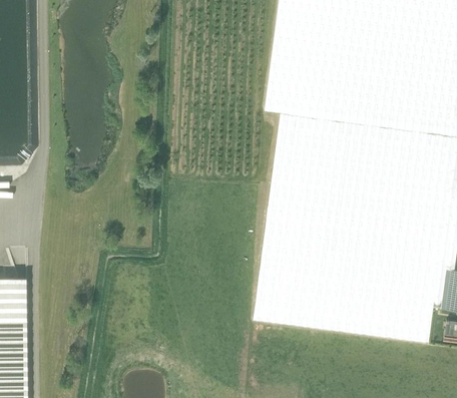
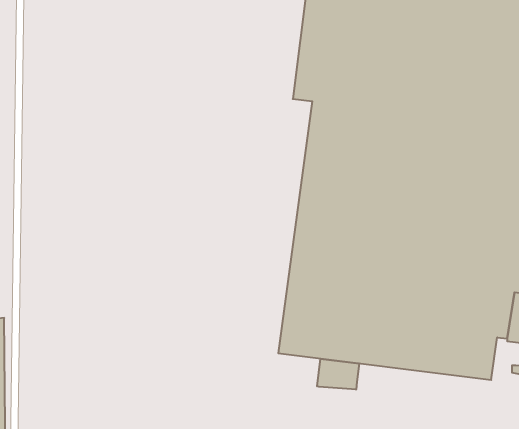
building: none -> [317,359,359,390]

